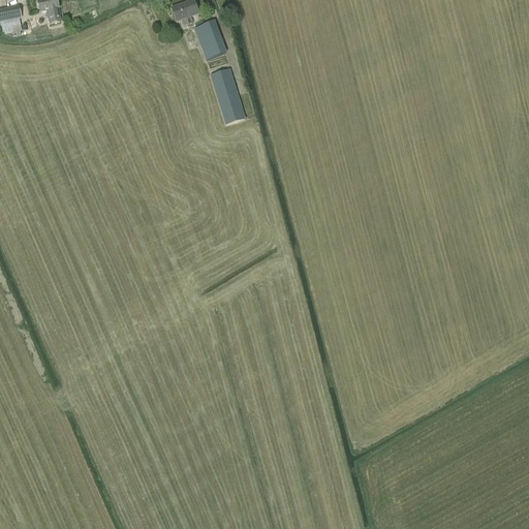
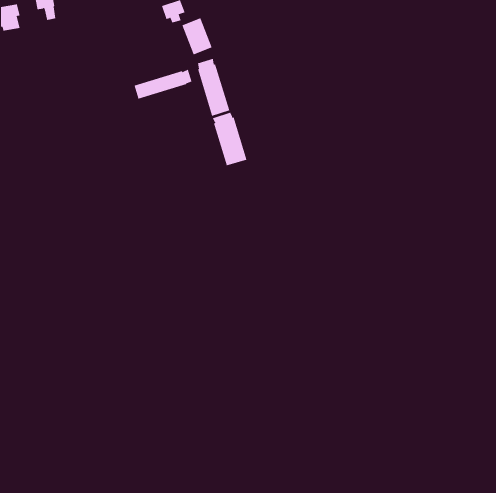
building: none -> [134,69,192,100]
building: none -> [212,112,247,166]

